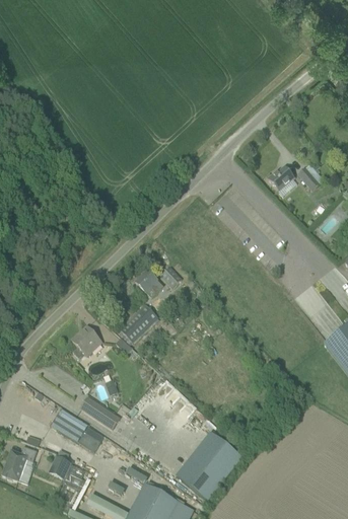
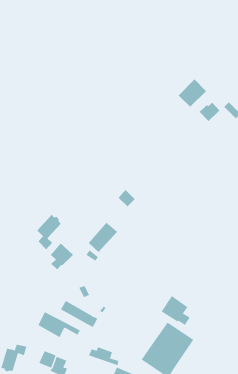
building: none -> [178,78,207,107]
building: [137,270,164,298] -> none
building: none -> [36,214,61,250]
building: none -> [161,295,190,326]

